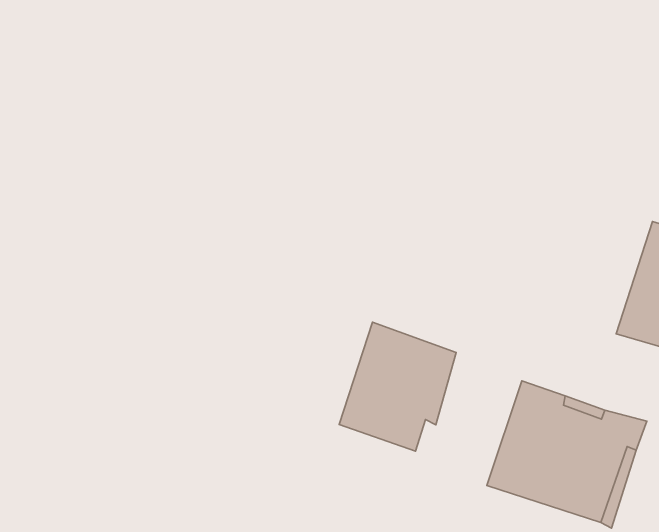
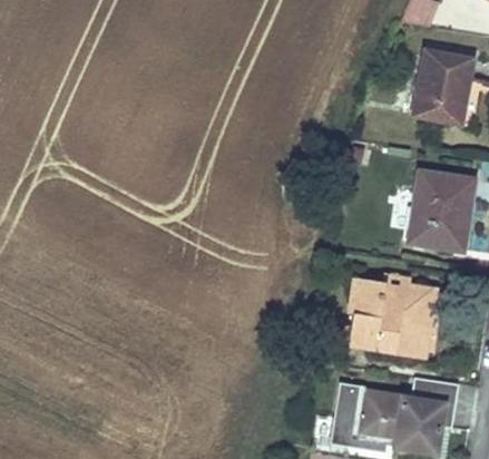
building: [339,322,456,451] -> none

